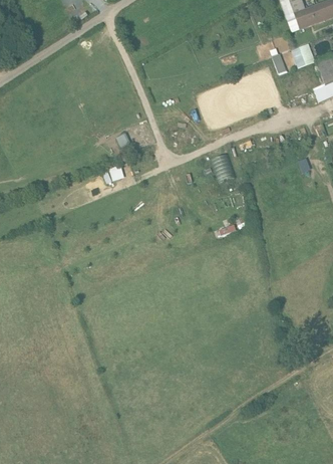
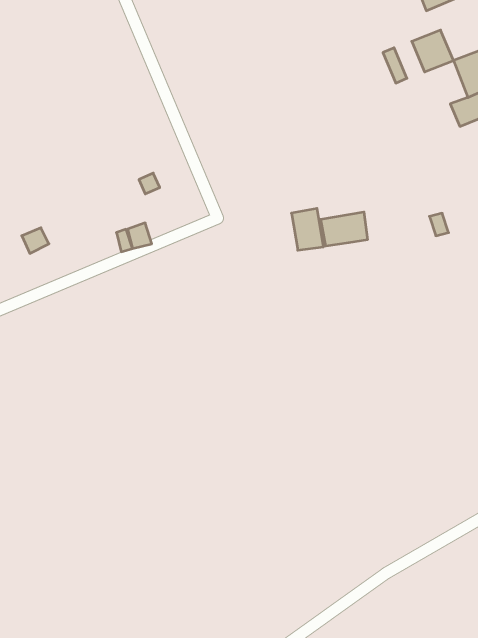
building: none -> [321,212,367,246]

